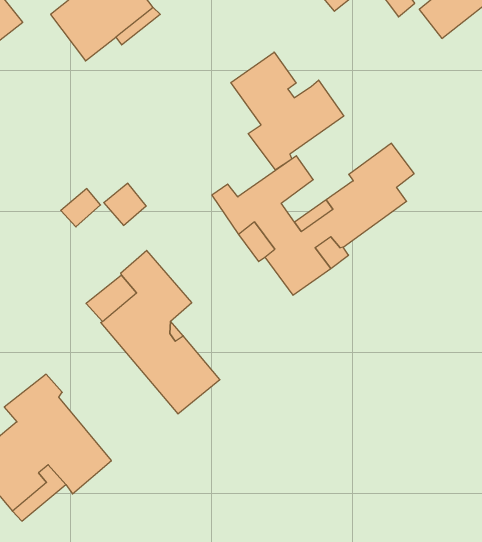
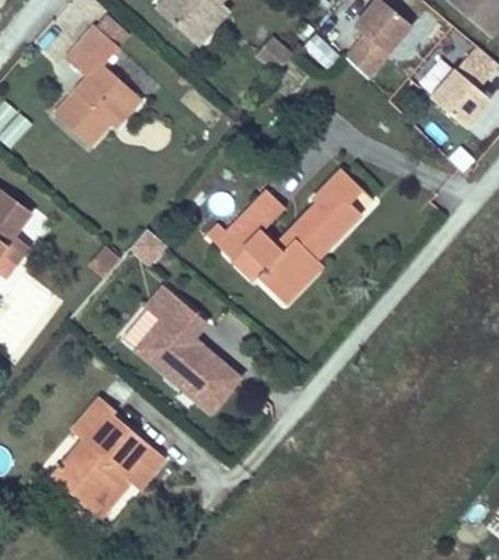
building: [231,52,344,170] -> none

